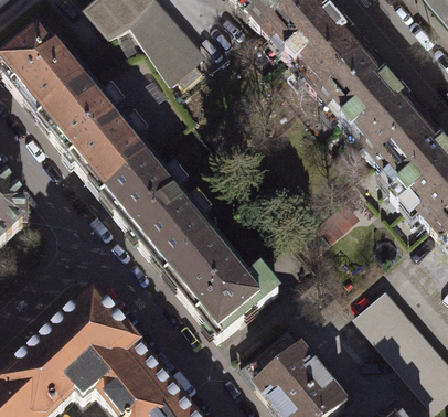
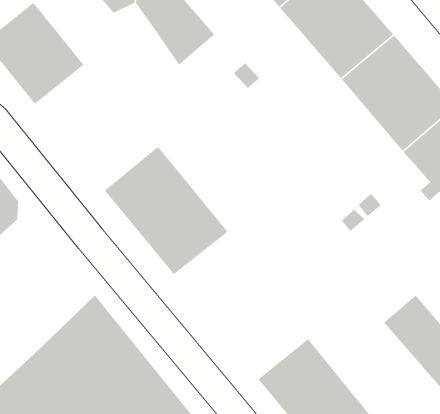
building: [42,78,154,196] -> none
building: [169,234,281,338] -> none

